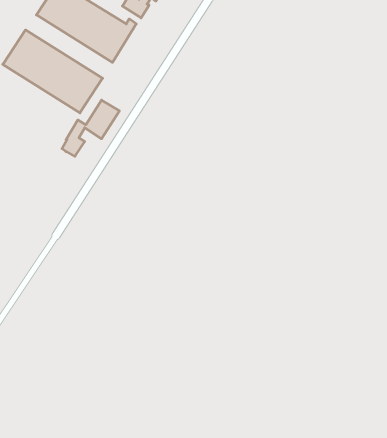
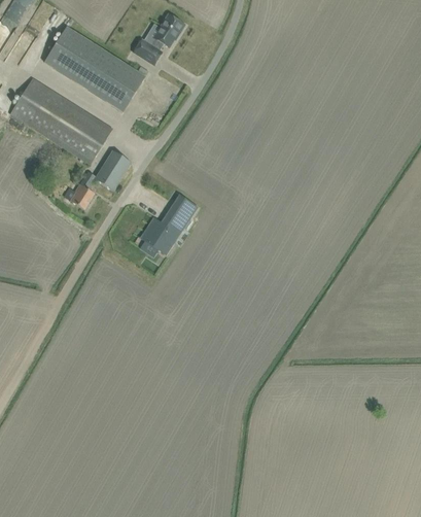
building: none -> [139,195,197,254]

